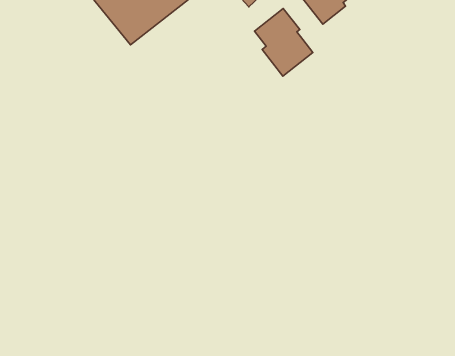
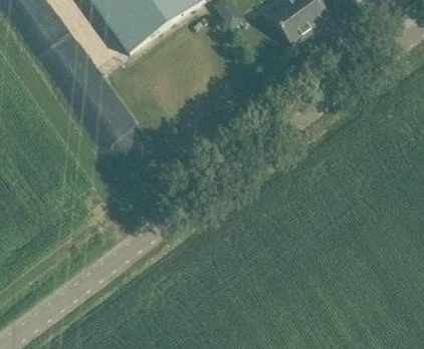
building: [255,8,313,76] -> none

